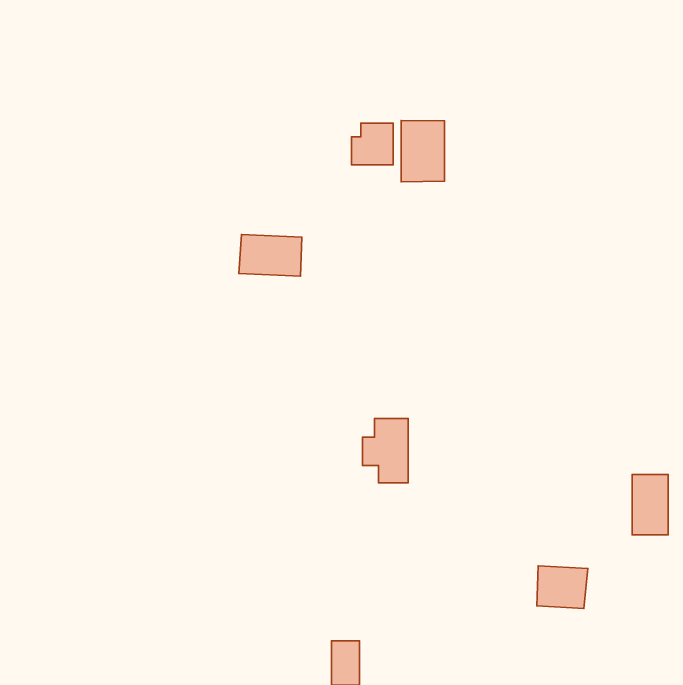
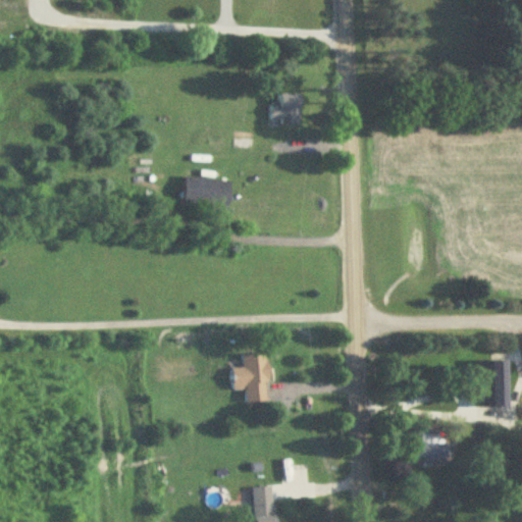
building: [401,121,445,182] -> none
building: [362,419,408,483] -> [233,354,268,403]

